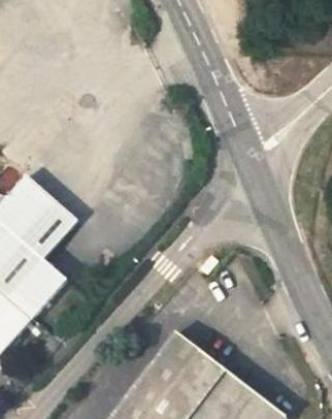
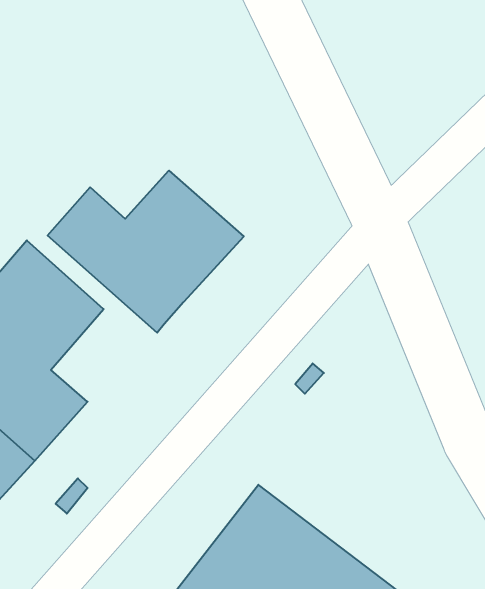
building: none -> [48,171,244,333]

